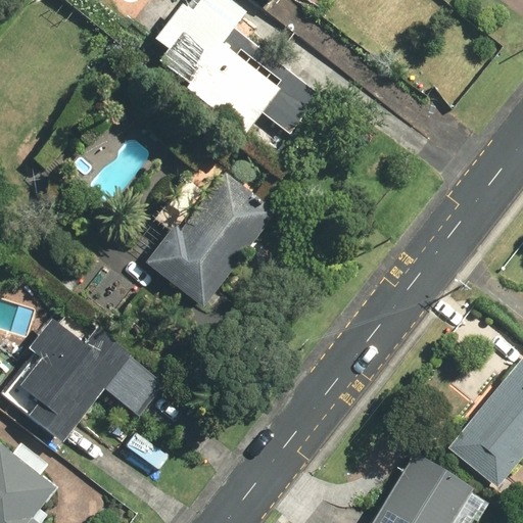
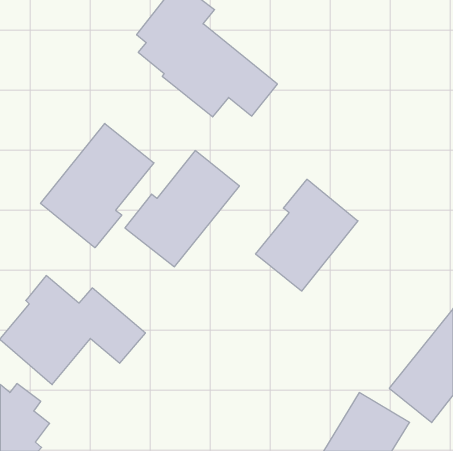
building: none -> [41,123,154,248]
building: none -> [256,179,358,291]

